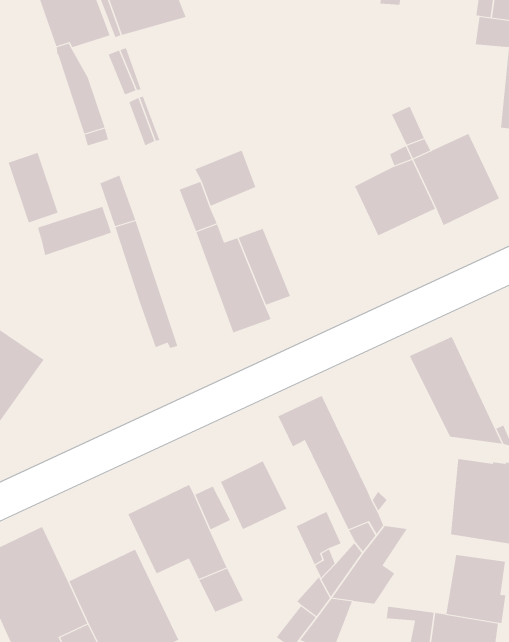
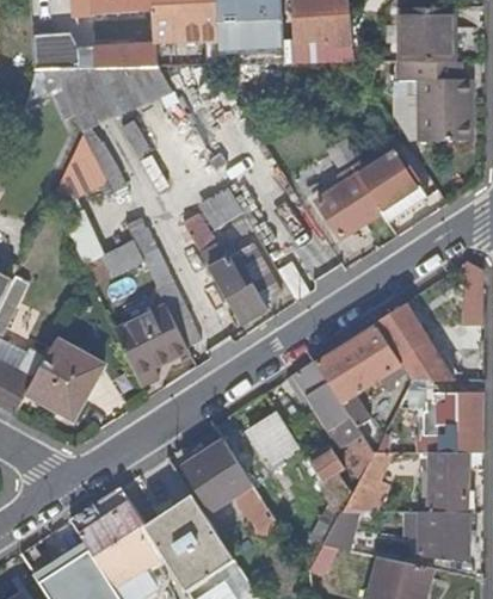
building: none -> [53,134,106,206]
building: none -> [117,310,187,387]
building: none -> [316,325,402,427]

